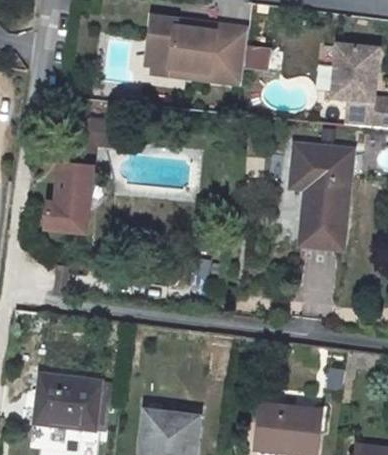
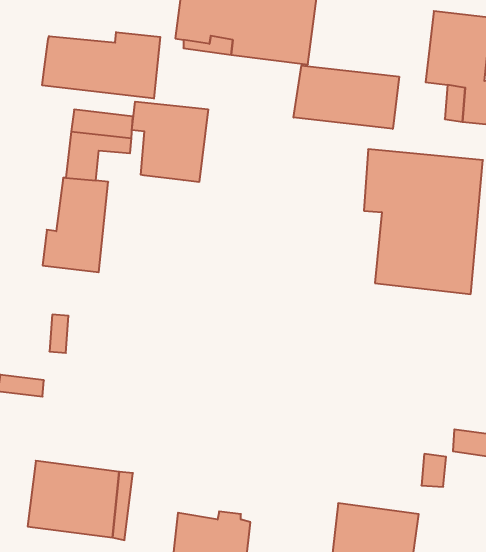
building: none -> [42,32,160,99]
building: none -> [294,65,399,129]
building: none -> [132,102,208,182]

